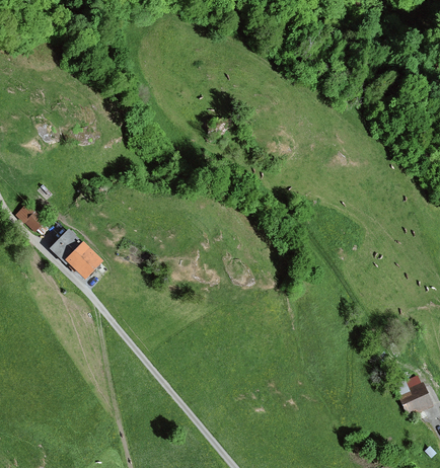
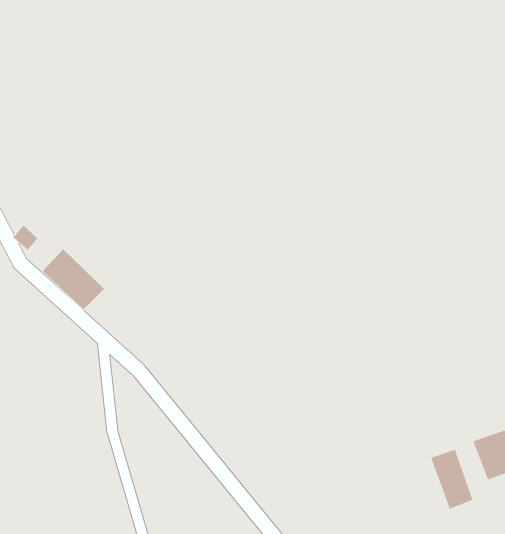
building: none -> [430,449,473,509]

